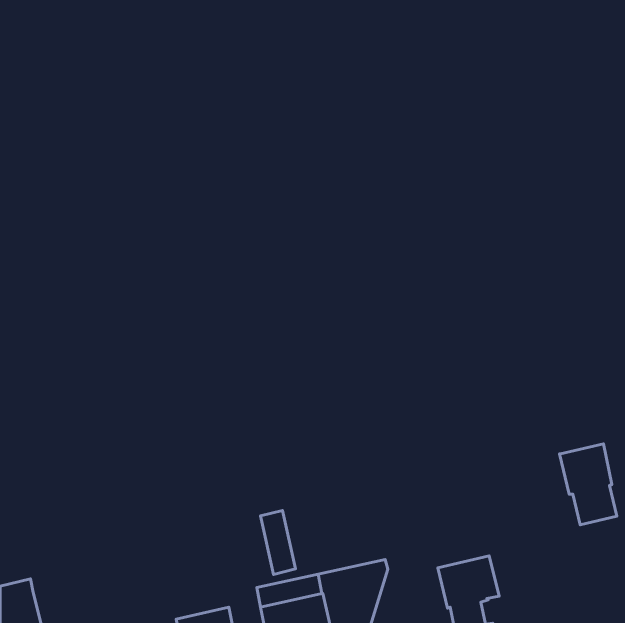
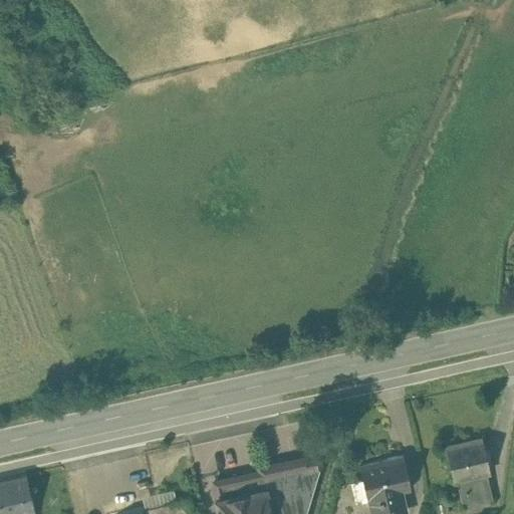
building: [559,444,617,525] -> [445,440,492,506]
building: [261,511,295,574] -> none

